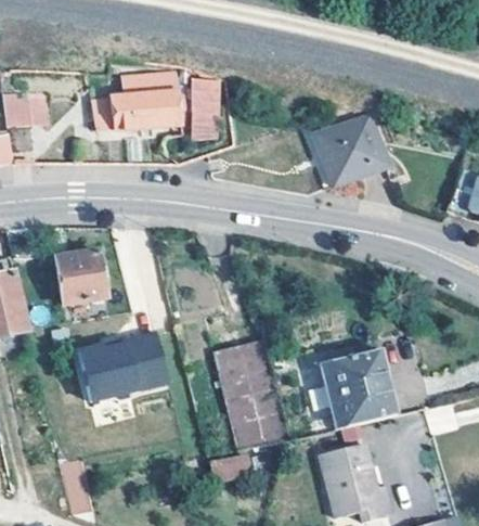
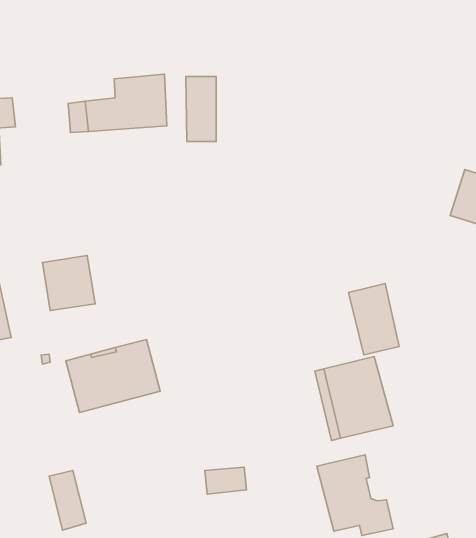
building: [313,114,386,184] -> none
building: none -> [349,284,399,355]
building: [213,338,290,449] -> none

